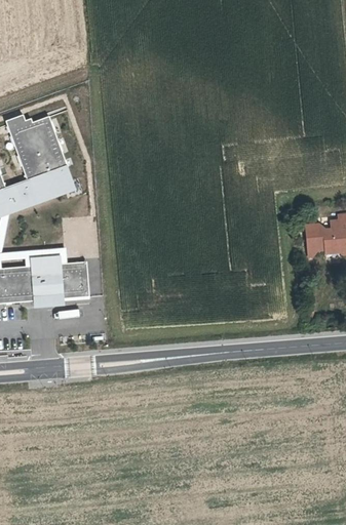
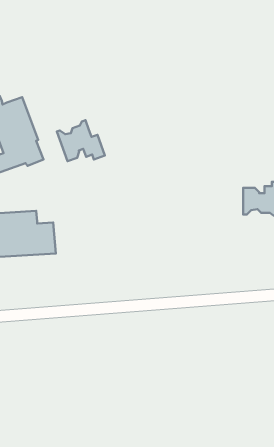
building: none -> [57,120,105,161]

